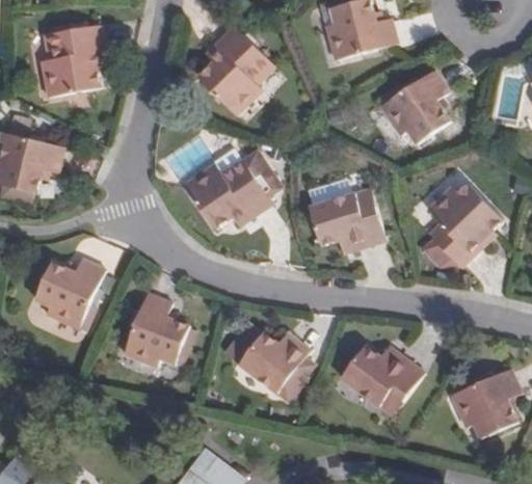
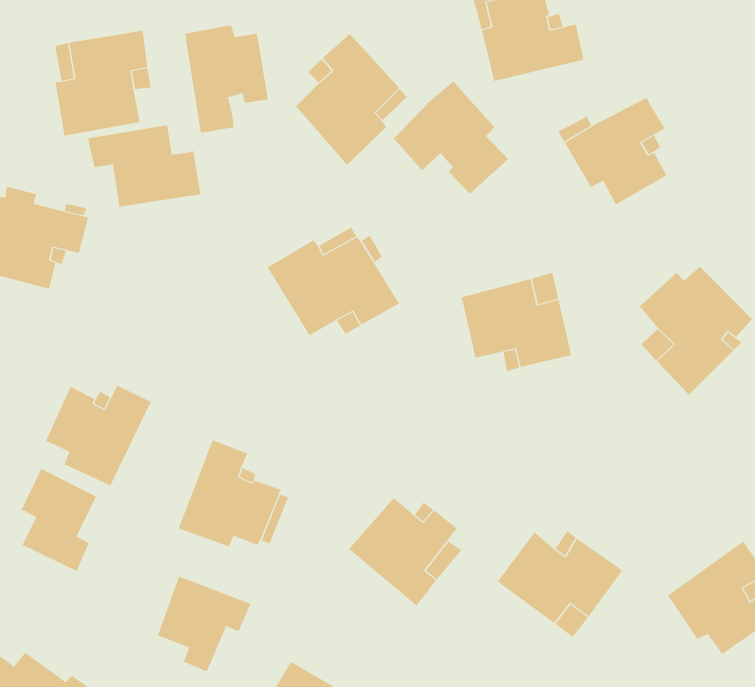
building: none -> [185,24,268,133]
building: none -> [393,80,509,195]
building: none -> [87,125,201,207]
building: none -> [20,468,97,572]
building: none -> [157,576,251,672]

